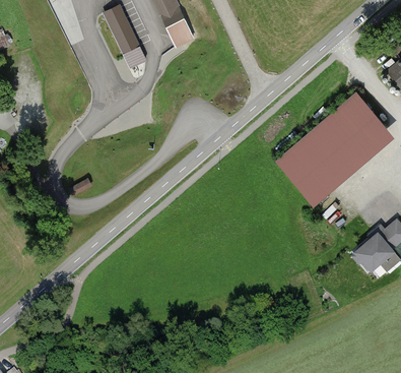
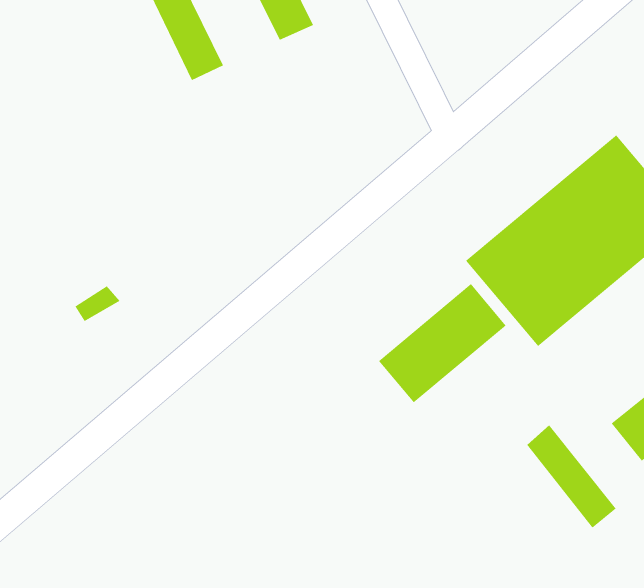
building: none -> [378,283,507,403]
building: none -> [526,424,617,528]

